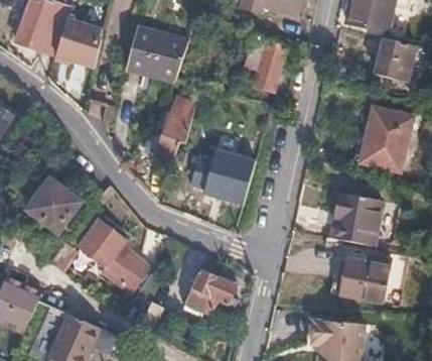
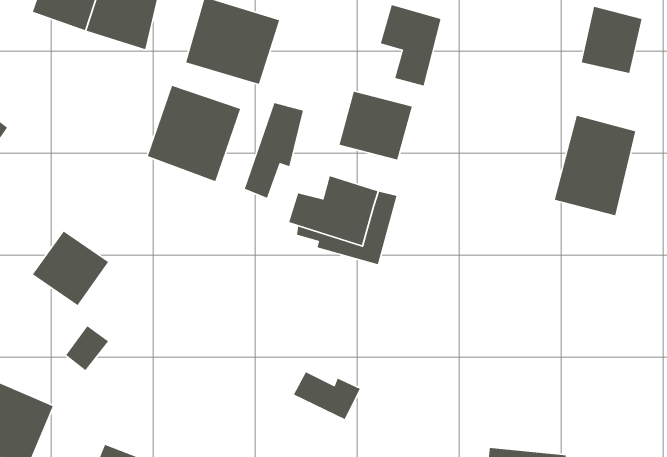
building: none -> [147,85,241,182]
building: none -> [338,91,413,160]
building: [329,191,379,245] -> none
building: [76,220,150,293] -> none
building: [338,256,391,305] -> none

